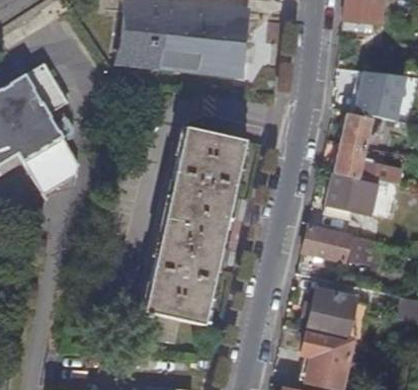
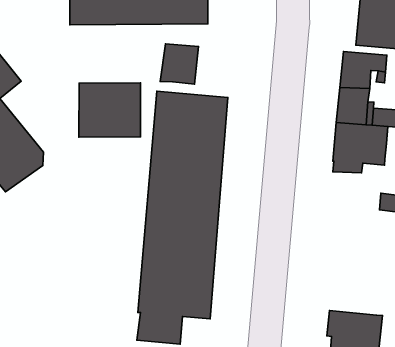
building: none -> [160,44,199,84]
building: none -> [79,83,141,137]
building: [303,227,357,262] -> none
building: [308,290,356,341] -> none

